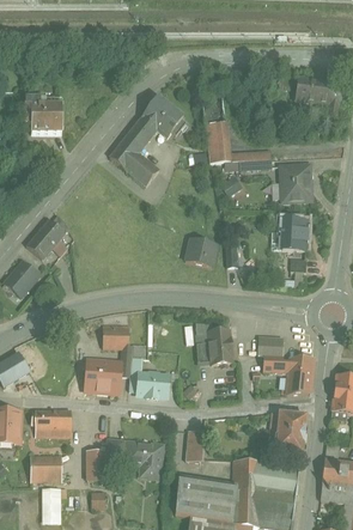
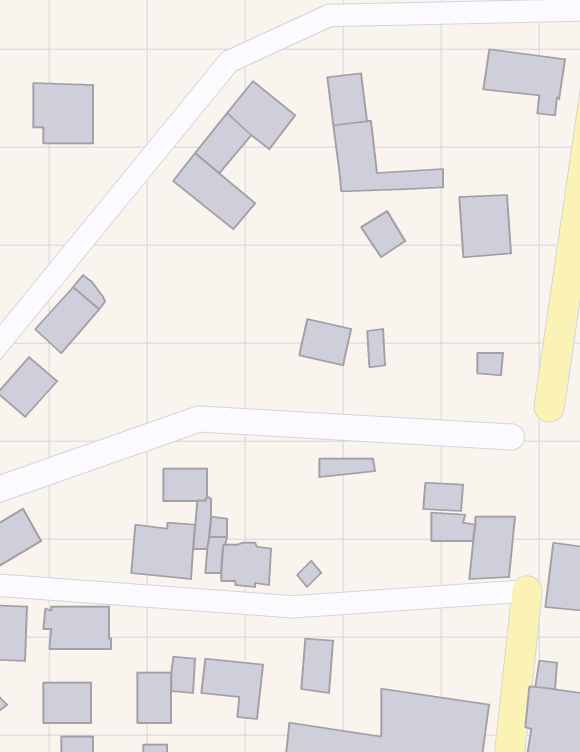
building: [278,218,308,250] -> none
building: [208,329,232,364] -> none
building: [272,412,306,453] -> none

